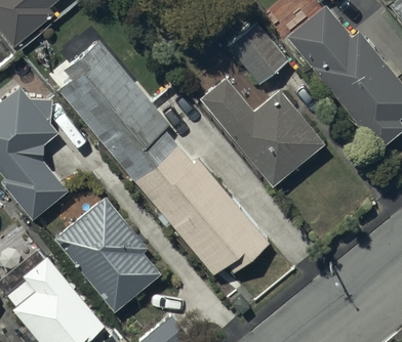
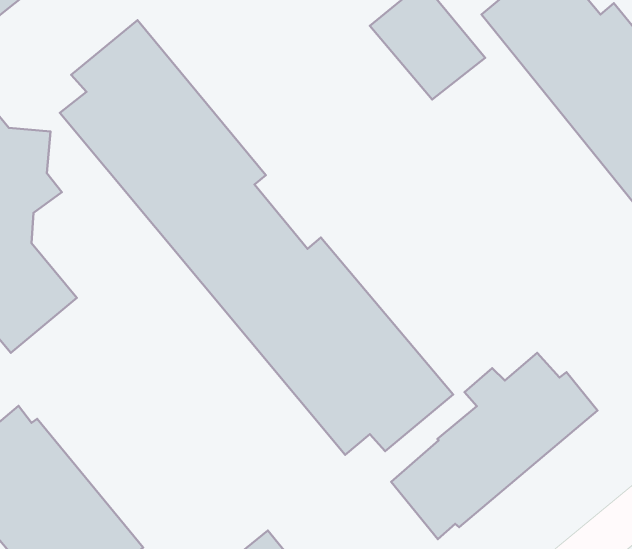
building: [200,77,324,186] -> none
building: [53,196,162,312] -> none
building: none -> [391,353,598,539]

